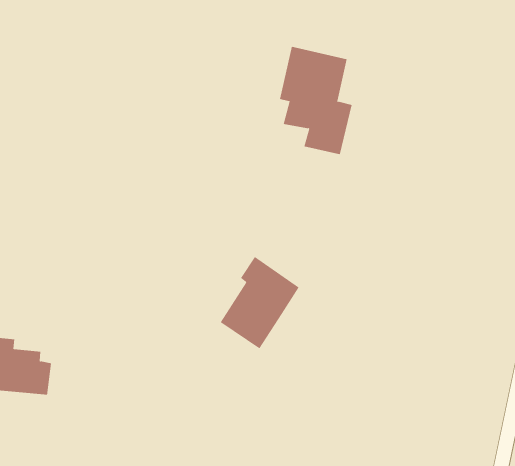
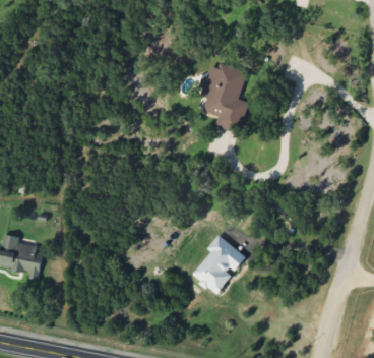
building: [220,256,300,349] -> [192,234,245,294]

